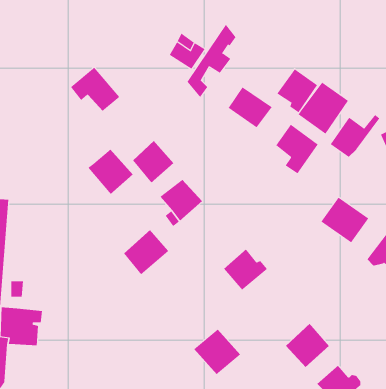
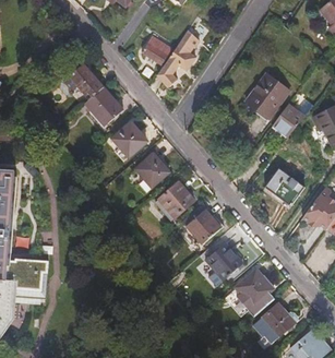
building: [277,69,318,113] -> none
building: [228,87,272,128] -> none
building: [275,124,319,174] -> none
building: [88,149,134,195] -> [84,86,121,123]
building: [123,229,169,275] -> [156,181,193,218]
building: [194,329,241,375] -> [204,241,242,278]

